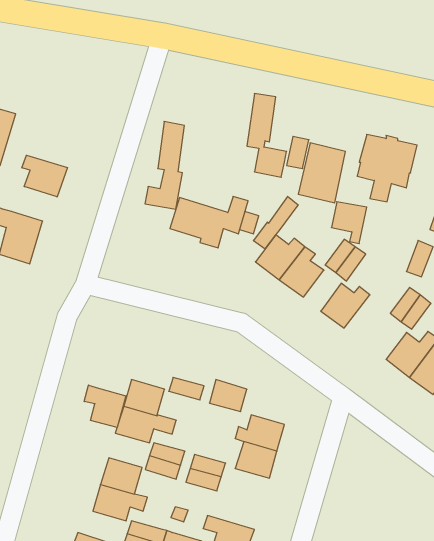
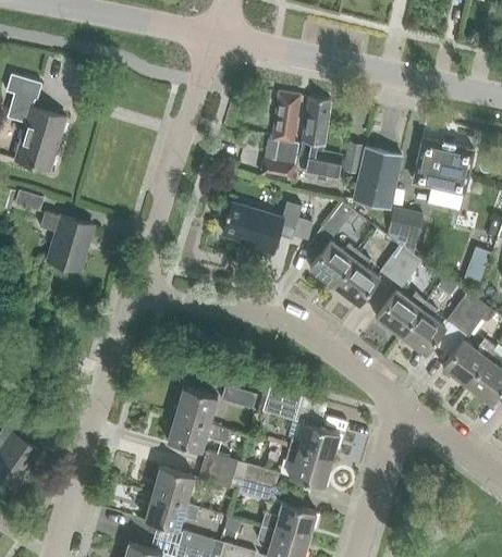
building: [145,121,184,209] -> [259,92,299,182]
building: [22,155,67,197] -> none
building: none -> [400,302,444,355]
building: [84,385,126,427] -> none
building: none -> [260,504,316,541]

